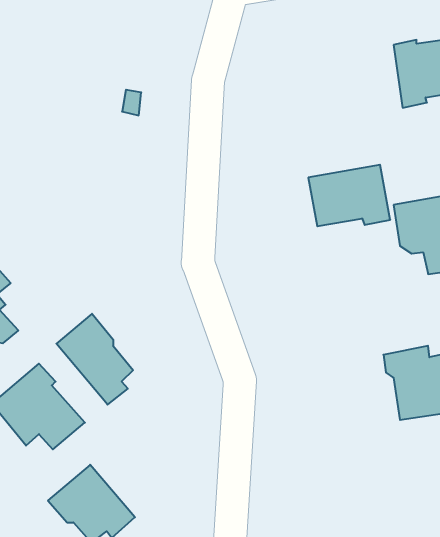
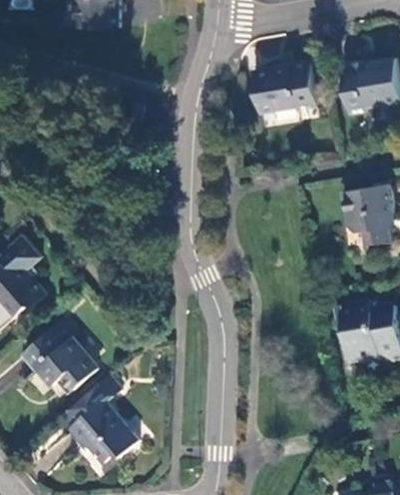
building: [308,165,390,226] -> [250,66,314,114]
building: [56,314,133,405] -> none

